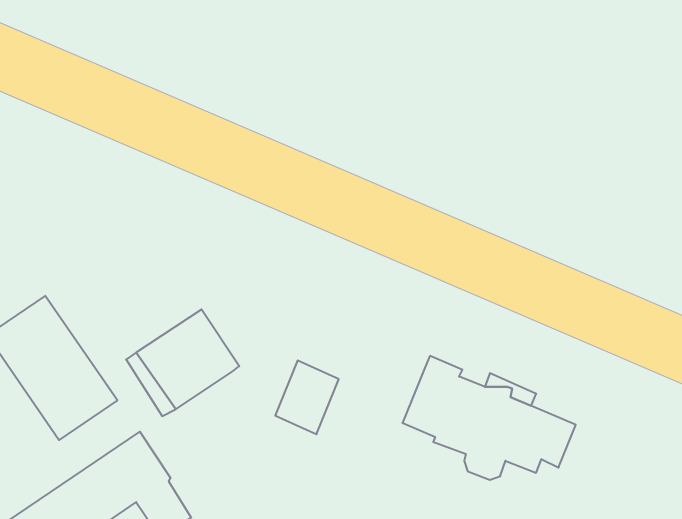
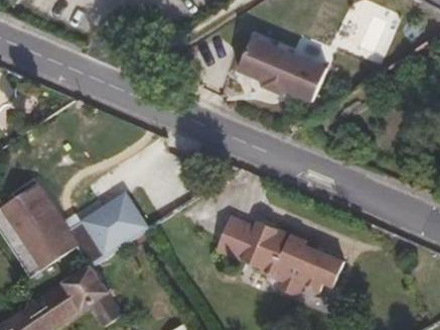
building: none -> [238,36,325,101]
building: [275,360,339,434] -> [218,216,256,259]

